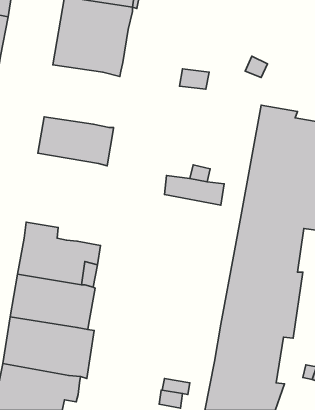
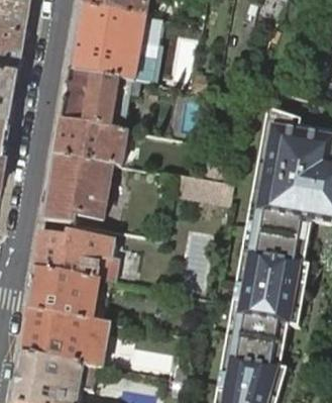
building: none -> [62,70,140,129]
building: none -> [44,154,113,224]

